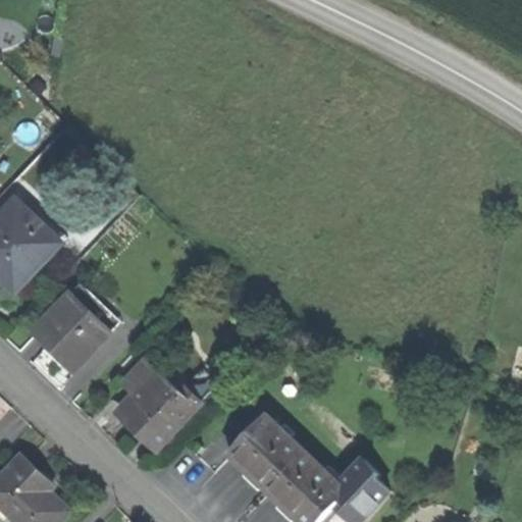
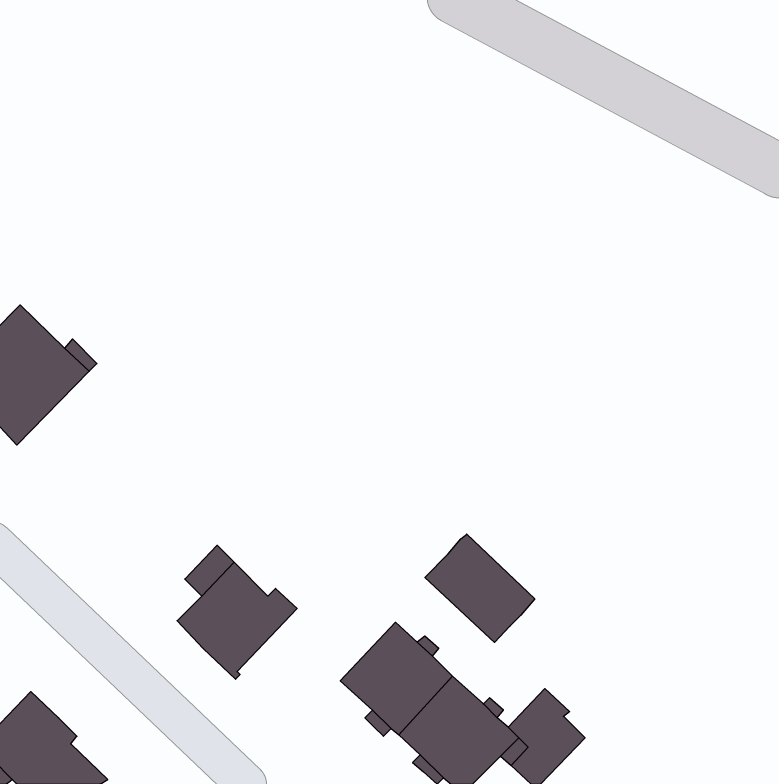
building: [31,293,113,375] -> none
building: none -> [425,534,535,642]

